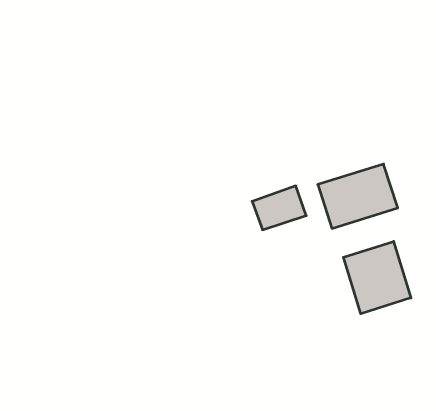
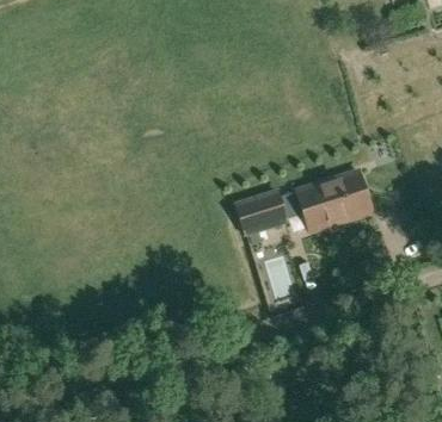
building: [343,241,411,314] -> none

